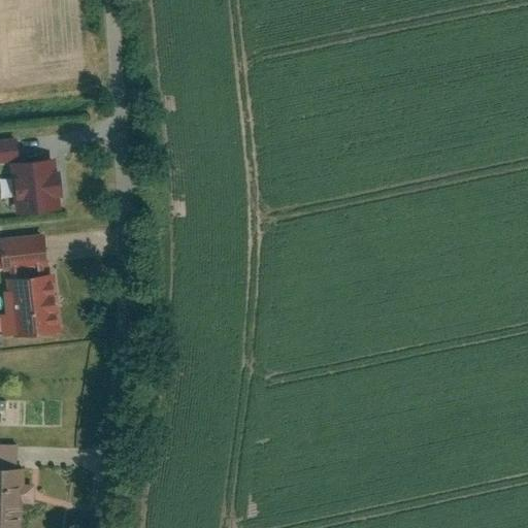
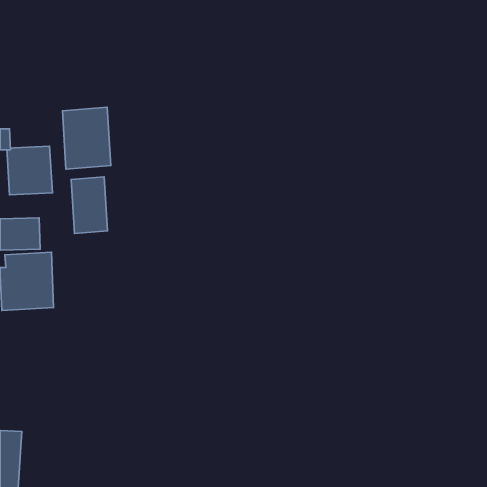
building: none -> [62,107,111,169]
building: none -> [71,177,108,234]

